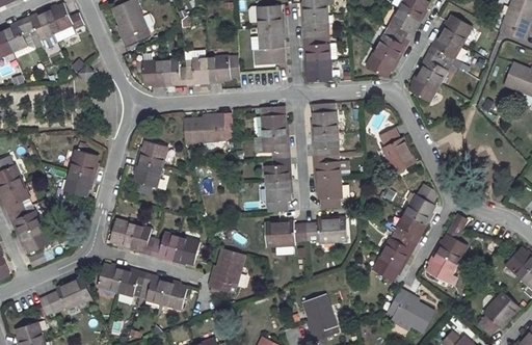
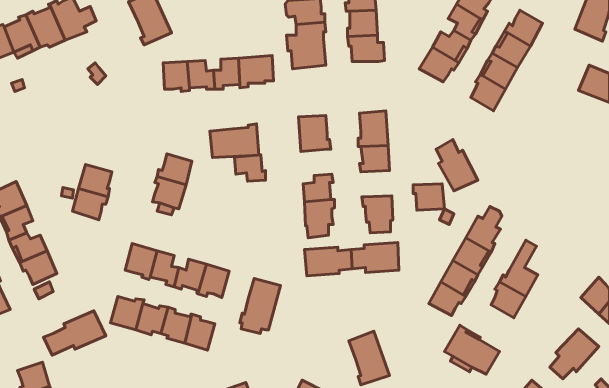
building: [304,60,331,82] -> none
building: [262,136,289,159] -> [235,155,266,181]
building: [314,155,341,178] -> [413,184,444,210]

